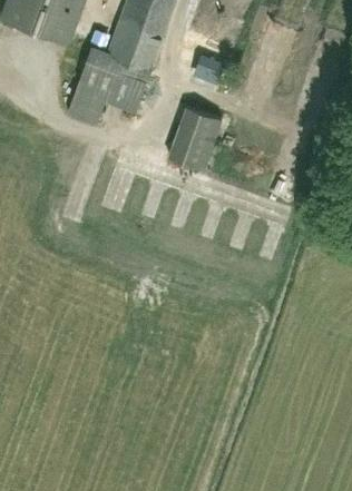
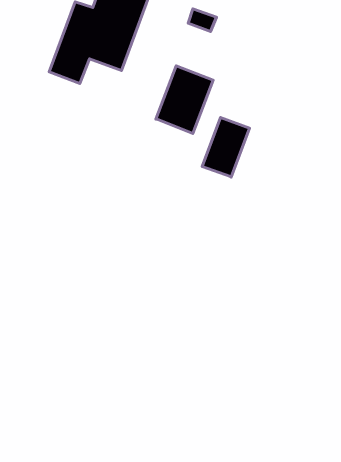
building: none -> [202,118,250,177]

